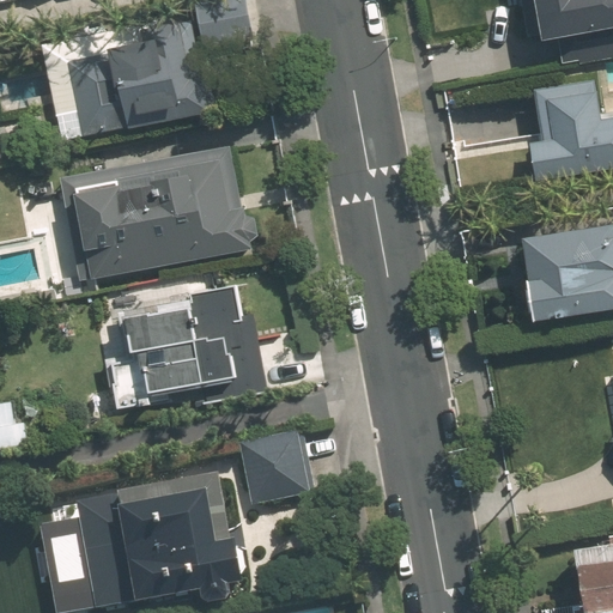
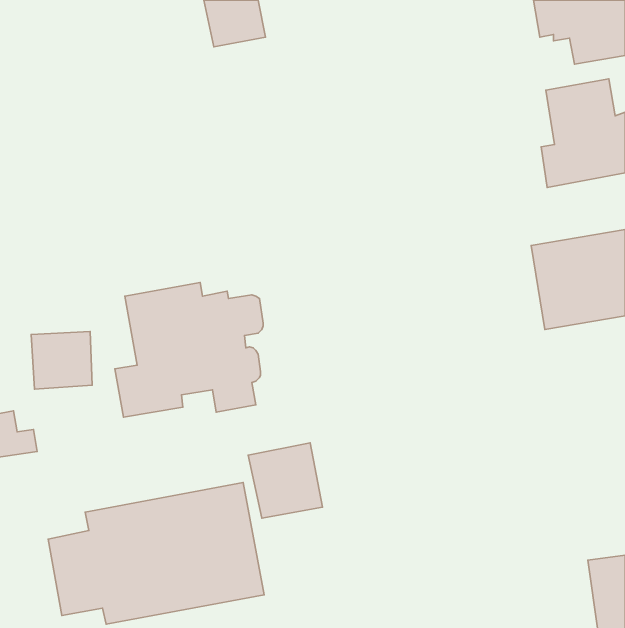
building: [44,14,221,139] -> none
building: [65,142,265,279] -> none
building: none -> [31,331,92,389]

